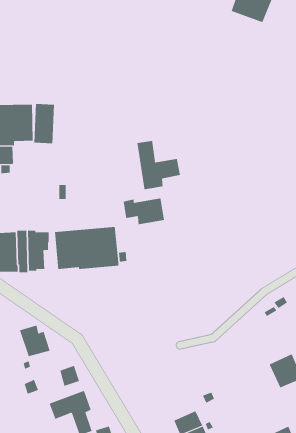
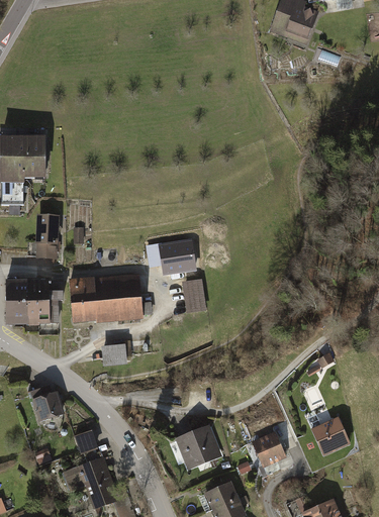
building: [33,104,55,144] -> [34,214,59,260]
building: [137,140,180,190] -> none
building: none -> [182,279,206,312]
building: none -> [101,343,127,366]
building: none -> [176,425,221,469]
building: none -> [252,431,287,468]

